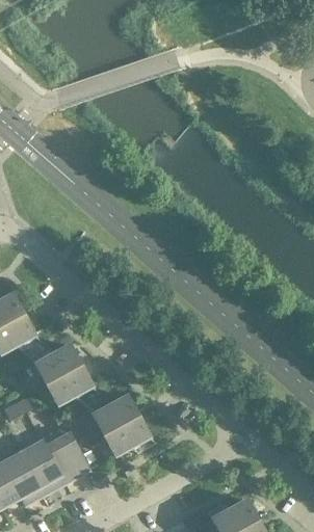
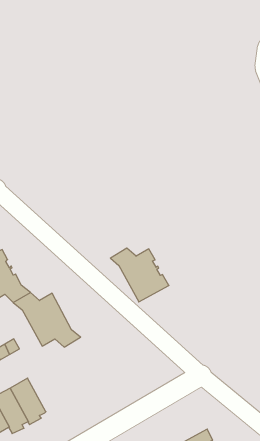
building: [84,395,151,456] -> [110,248,169,302]
building: [43,428,90,484] -> none

